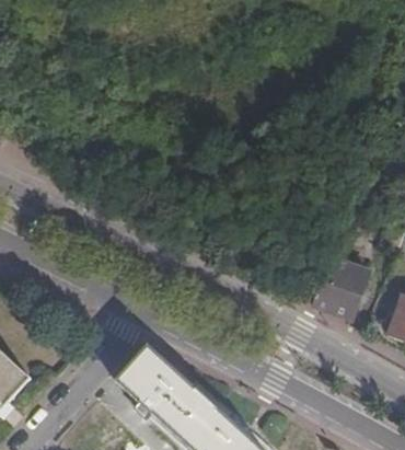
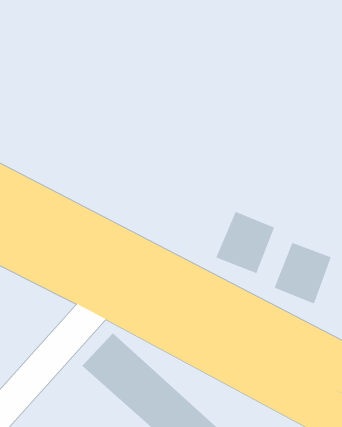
building: none -> [215,211,275,274]

